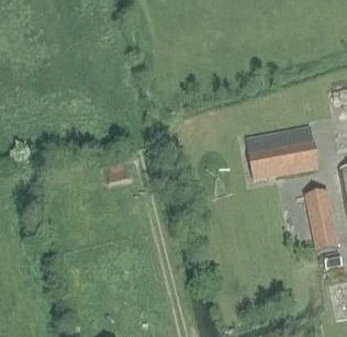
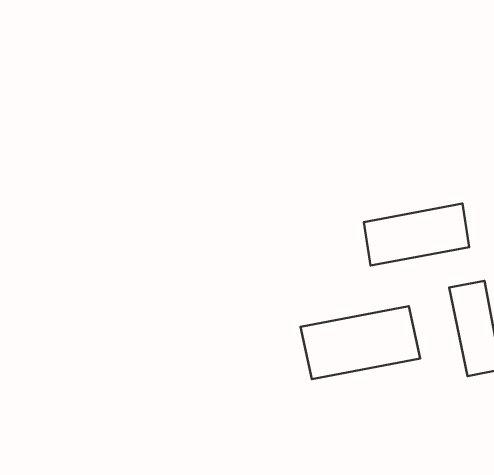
building: none -> [300,306,420,379]

